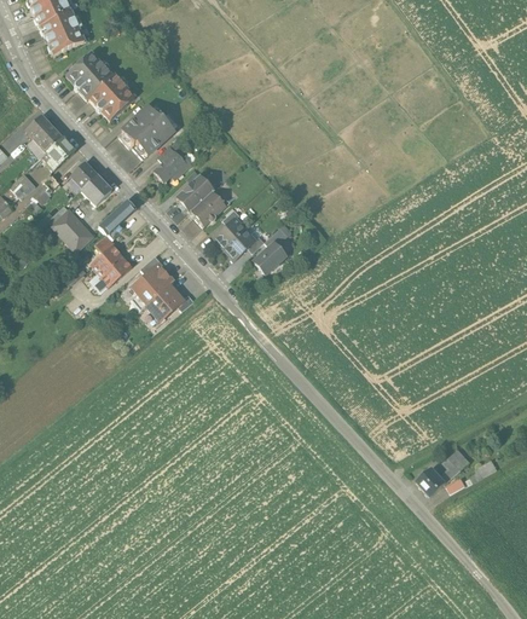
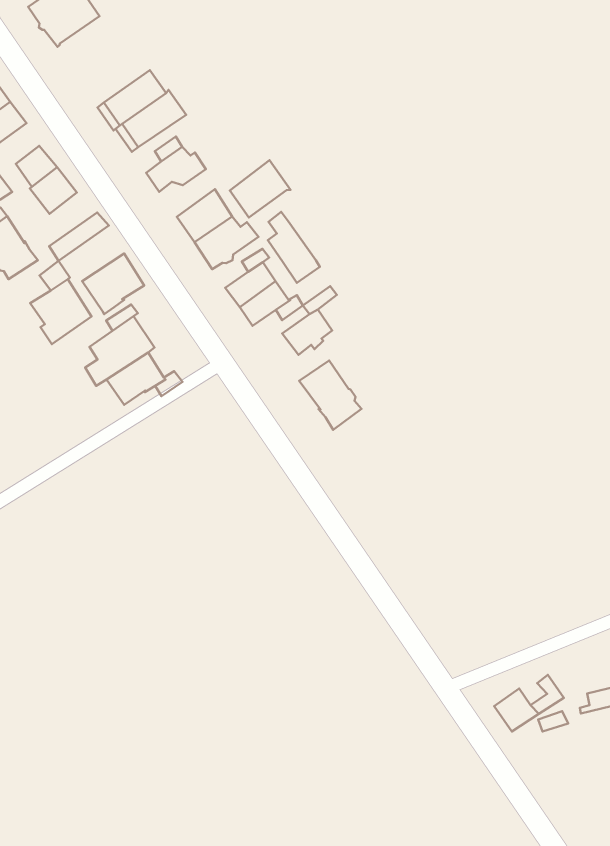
building: [89,71,135,118] -> none
building: none -> [230,160,290,217]
building: none -> [268,212,320,283]
building: none -> [82,253,144,314]
building: none -> [299,361,361,430]

